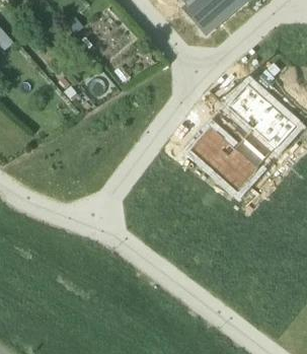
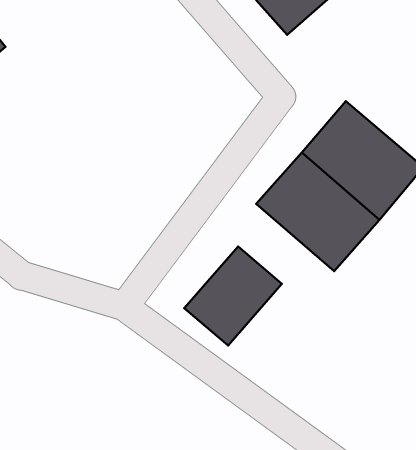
building: none -> [184,246,282,346]

